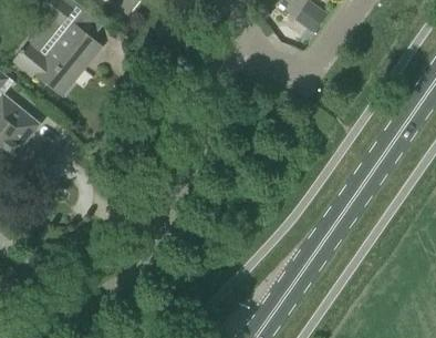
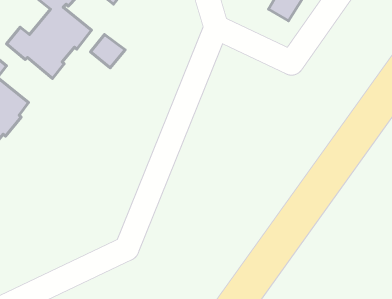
building: none -> [91,34,125,68]

